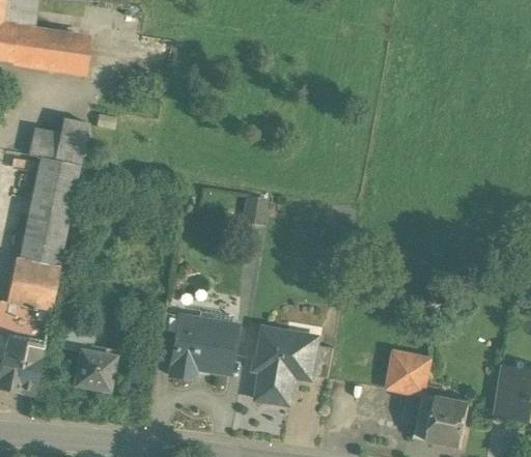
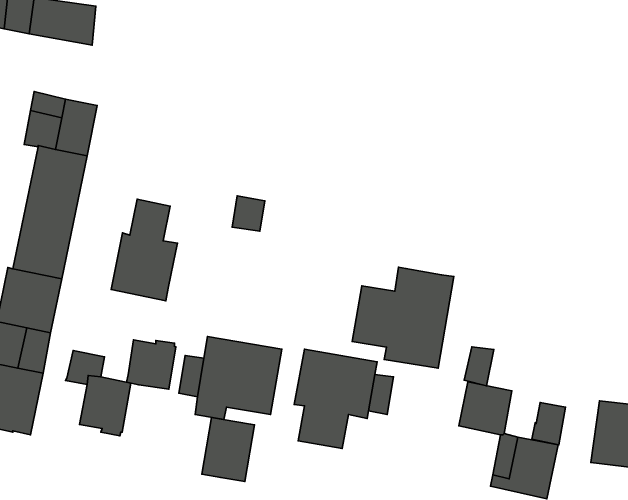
building: [242,196,269,225] -> [232,196,265,231]
building: none -> [111,199,177,301]
building: none -> [352,267,454,368]
building: none -> [127,340,176,389]
building: none -> [464,347,494,386]
building: none -> [532,403,565,445]
building: none -> [202,417,255,481]

